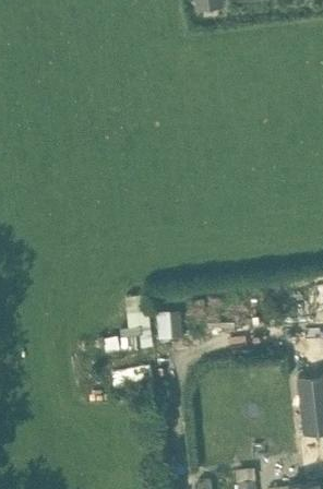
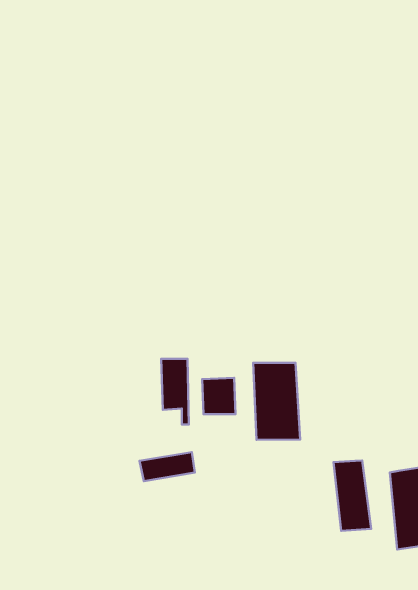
building: none -> [253,363,300,440]
building: none -> [333,461,371,531]

